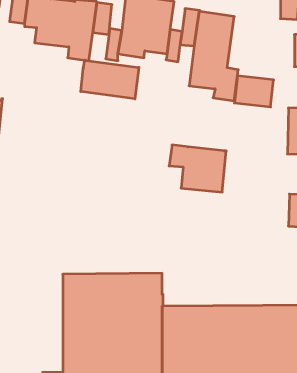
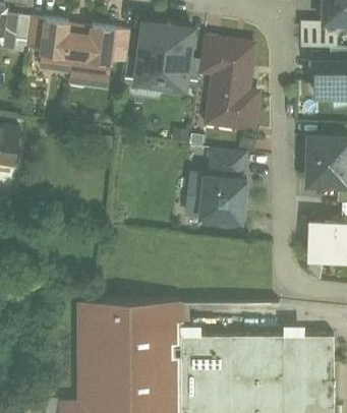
building: [81,60,139,99] -> none
building: [234,76,274,107] -> [207,149,246,180]

